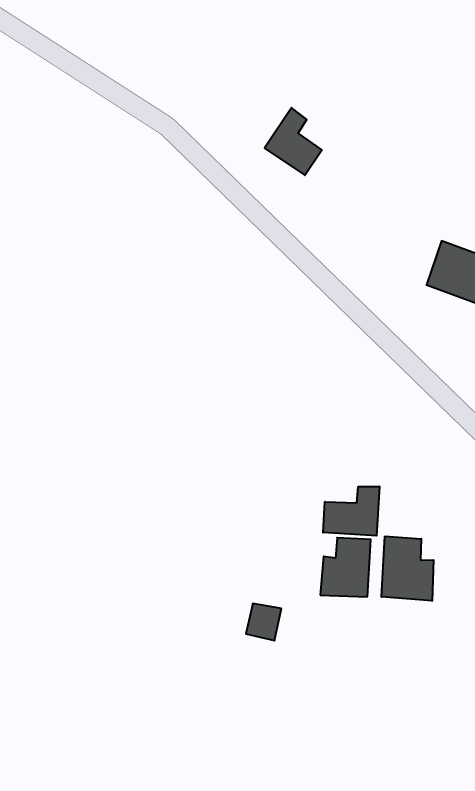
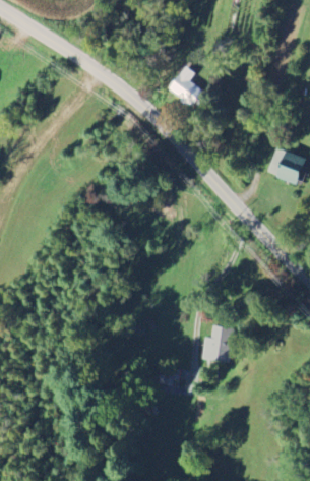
building: [323,486,379,536] -> none
building: [381,536,433,601] -> none

